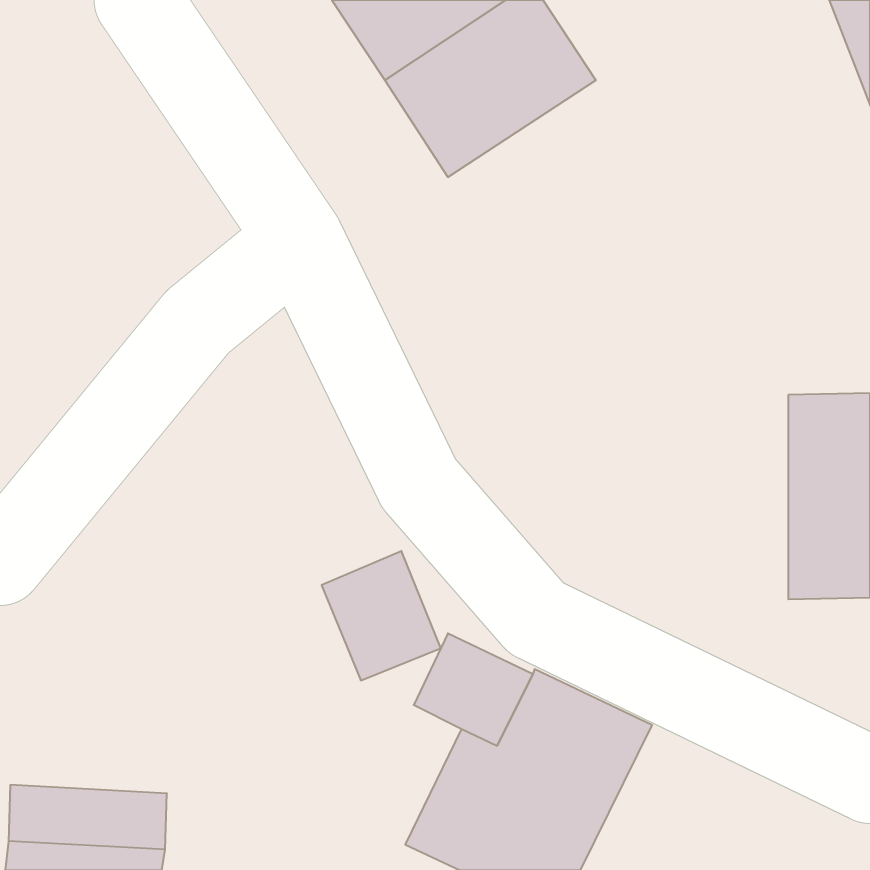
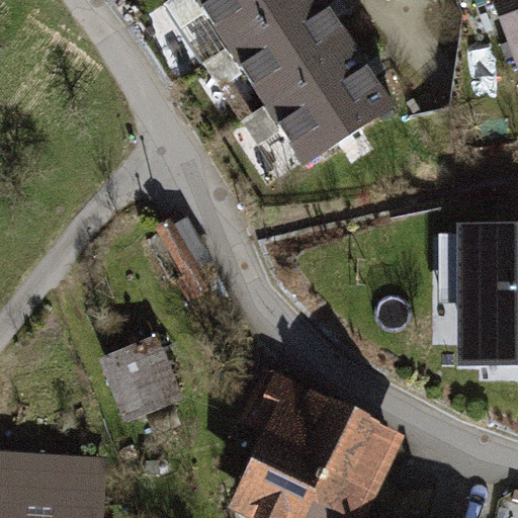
building: none -> [266,48,394,165]
building: [322,551,441,680] -> [108,340,179,417]

